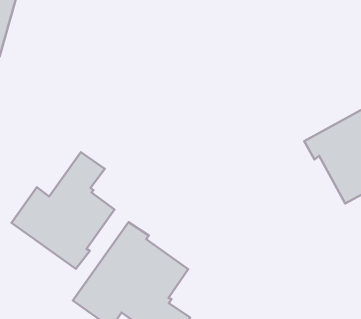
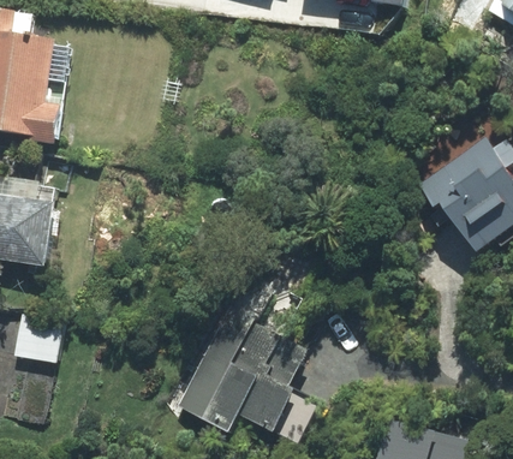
building: [11,152,115,269] -> none

